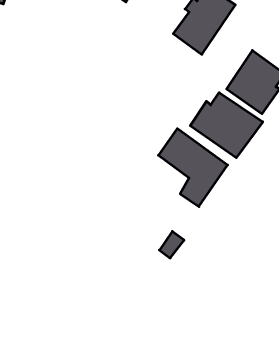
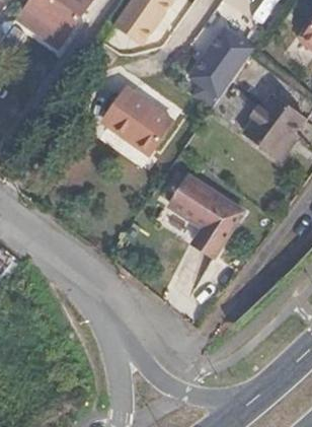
building: none -> [106,89,169,157]
building: [190,93,263,158] -> none

